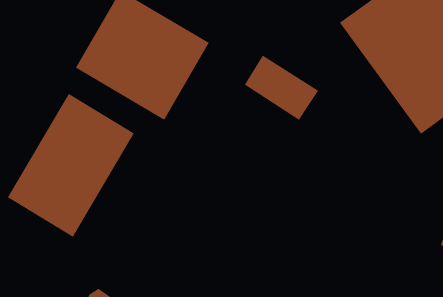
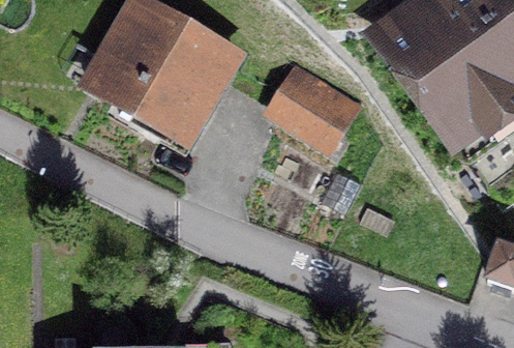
building: [7,93,135,238] -> none

